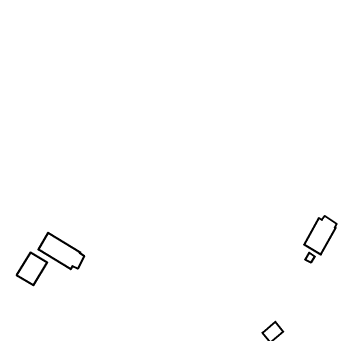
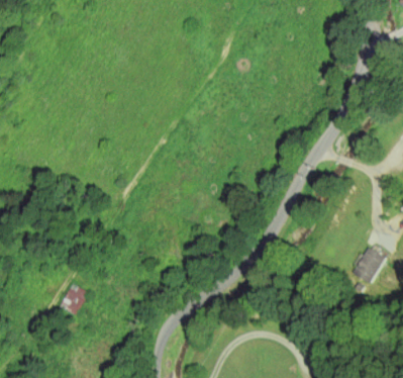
building: [38,233,84,269] -> none

